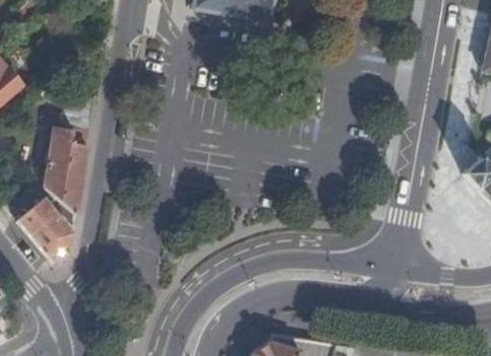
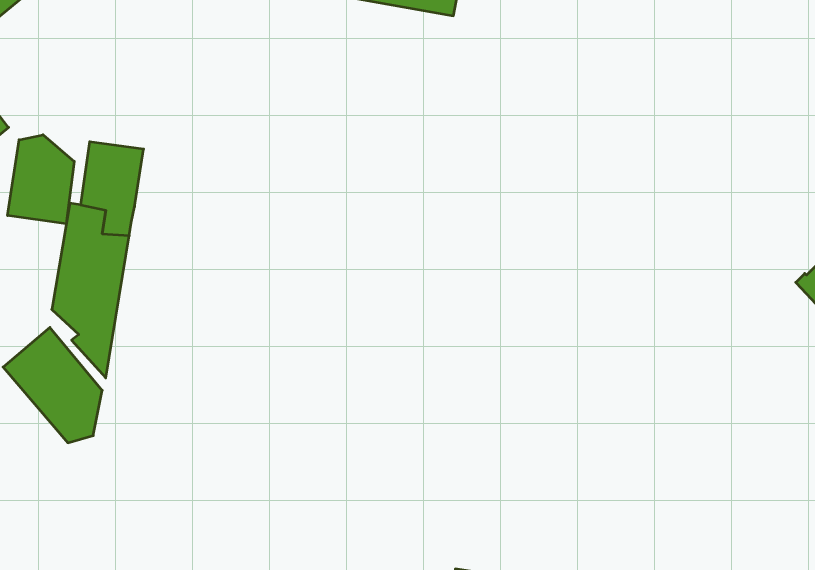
building: none -> [8,135,74,224]

